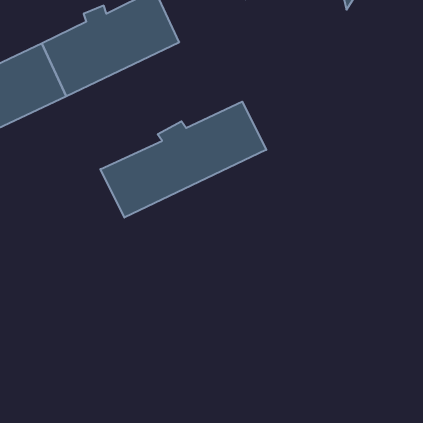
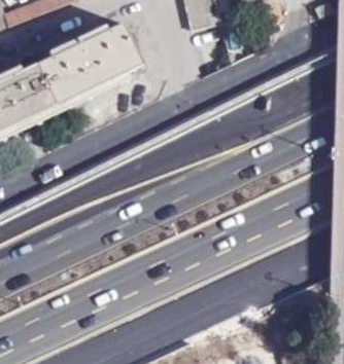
building: [100,102,266,218] -> none

